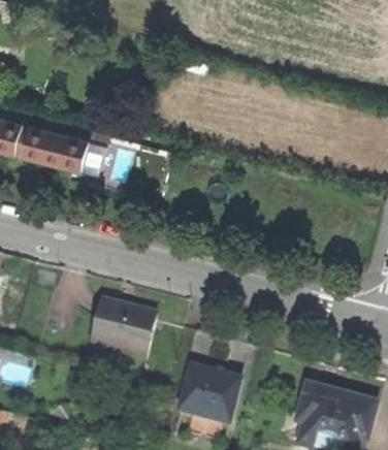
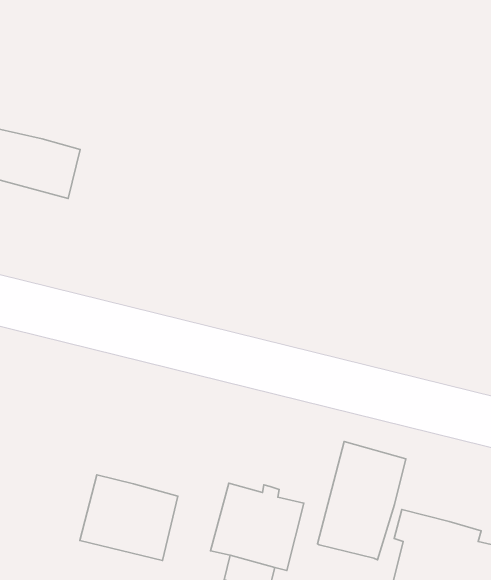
building: [88,298,154,356] -> [80,475,178,561]
building: none -> [318,442,406,560]

